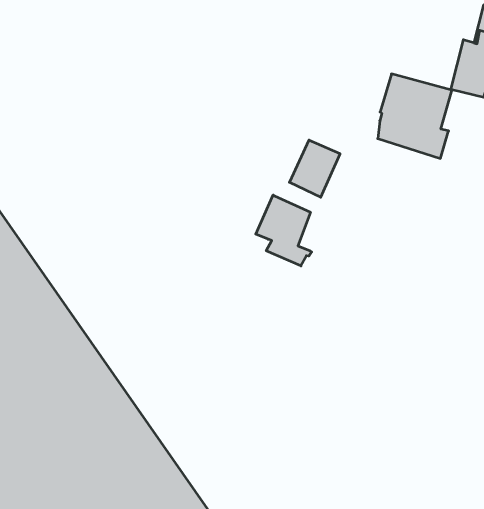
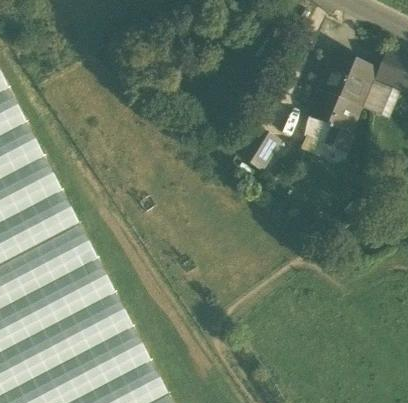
building: none -> [319,59,372,109]
building: [256,195,312,266] -> none

